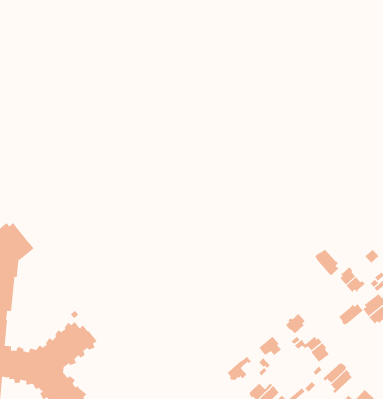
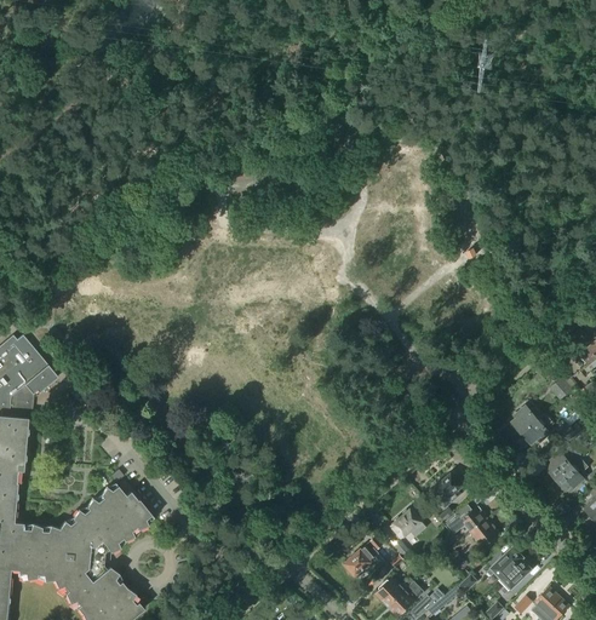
building: [315,249,340,276] -> none
building: [339,303,364,325] -> none

